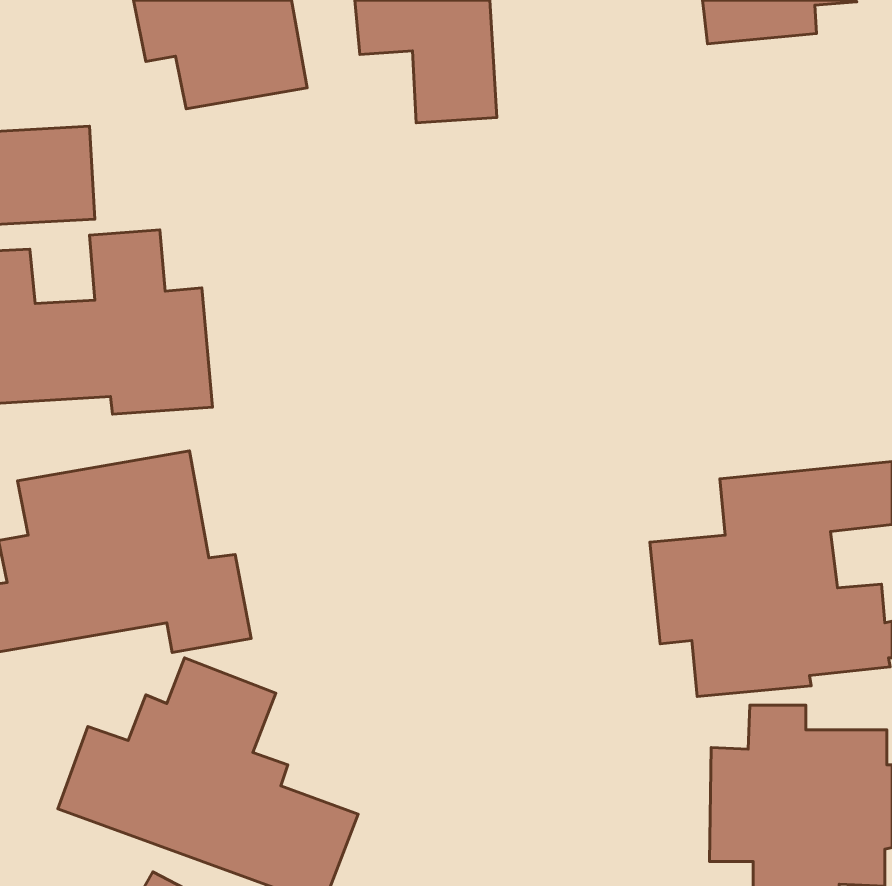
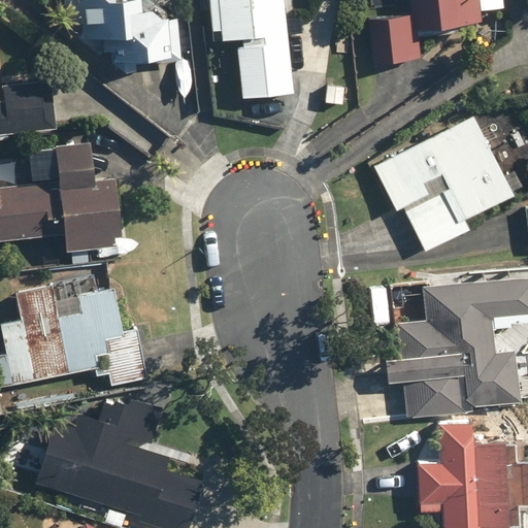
building: none -> [367,14,419,66]
building: none -> [375,114,513,258]

